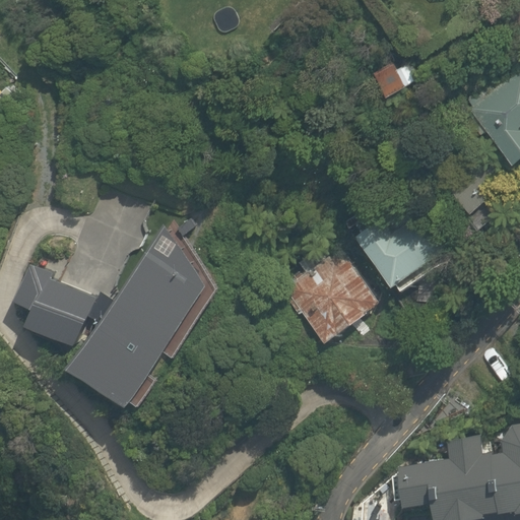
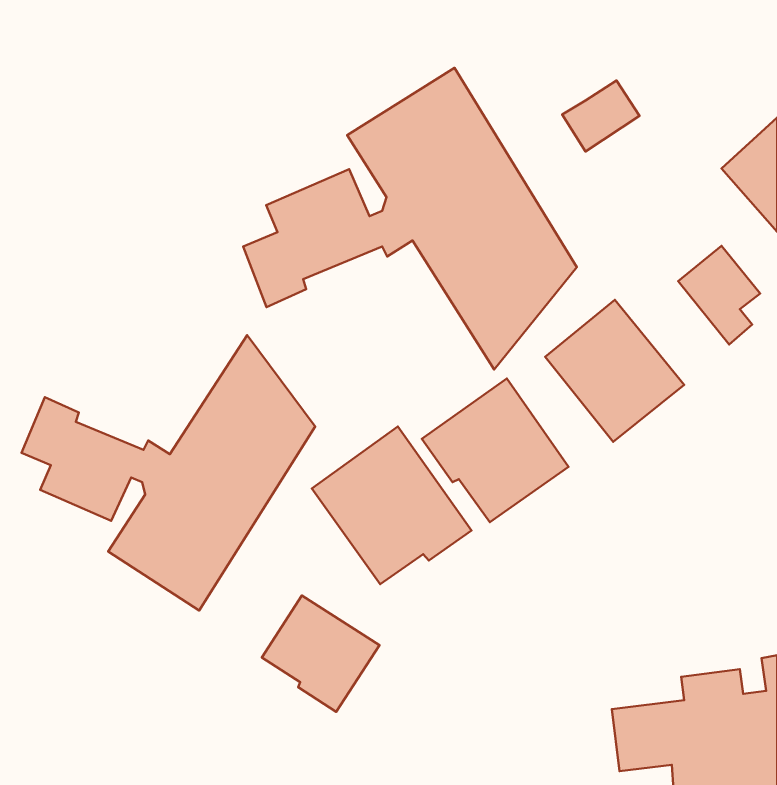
building: none -> [243,68,577,370]
building: none -> [312,427,471,584]
building: none -> [262,596,379,712]

